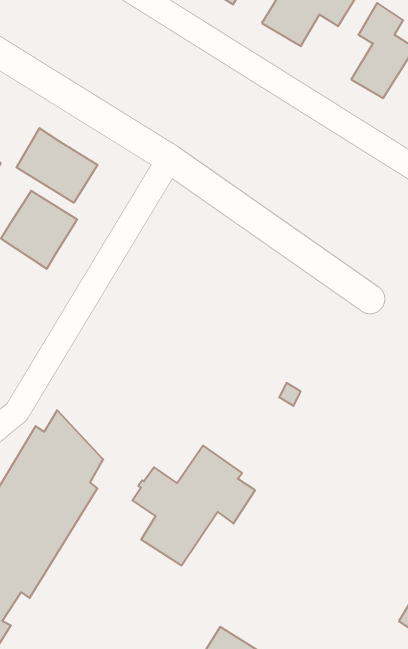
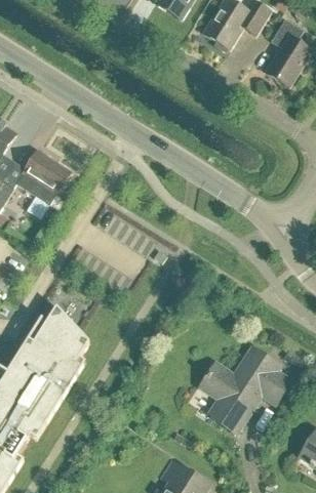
building: [16,128,97,203] -> none
building: [132,446,255,565] -> [202,348,289,434]

